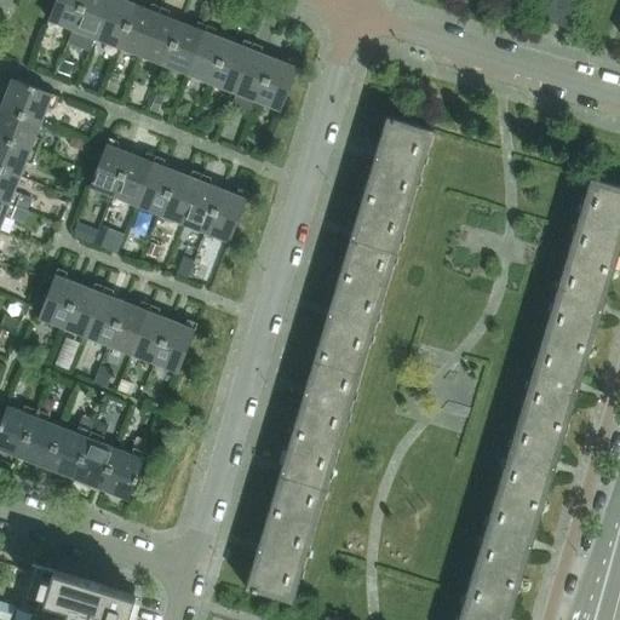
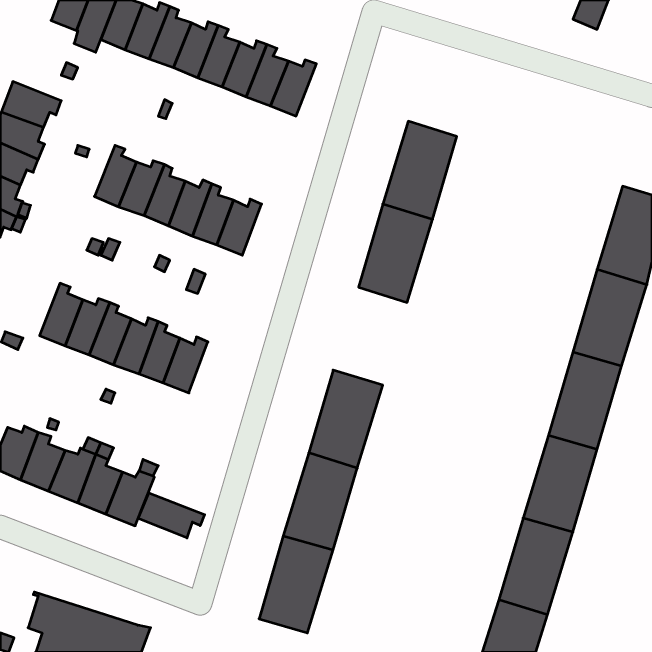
building: [316,272,386,366] -> none
building: none -> [138,493,205,538]

